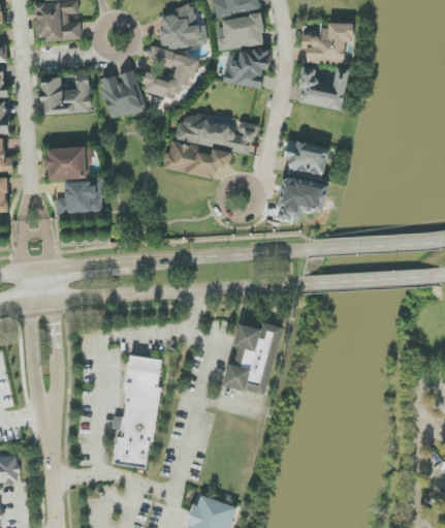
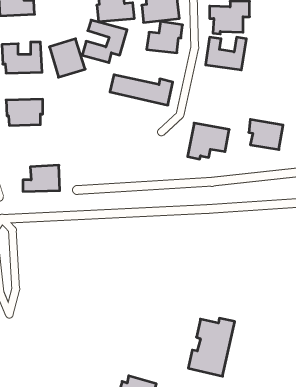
building: [164,141,232,179] -> none
building: [286,141,329,179] -> [249,119,283,150]
building: [56,180,102,213] -> [23,165,60,191]
building: [223,322,282,396] -> [188,318,235,376]
building: [117,355,162,469] -> none

